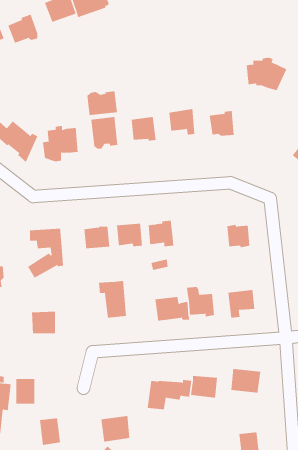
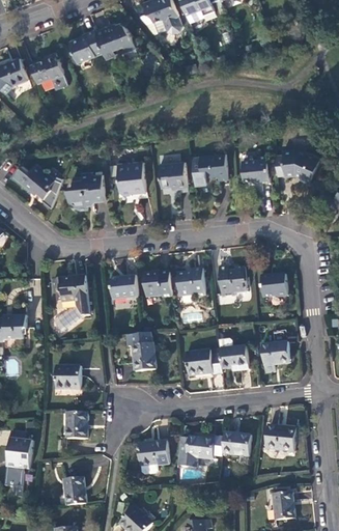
building: [246,57,287,91] -> [275,144,318,179]
building: [87,91,117,116] -> none
building: none -> [219,266,247,296]
building: [16,378,35,404] -> [66,411,87,438]
building: [100,415,130,442] -> [138,439,169,467]

